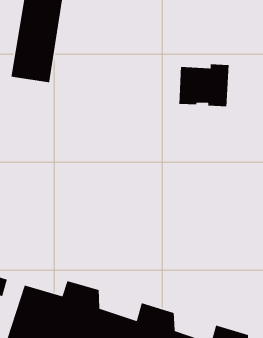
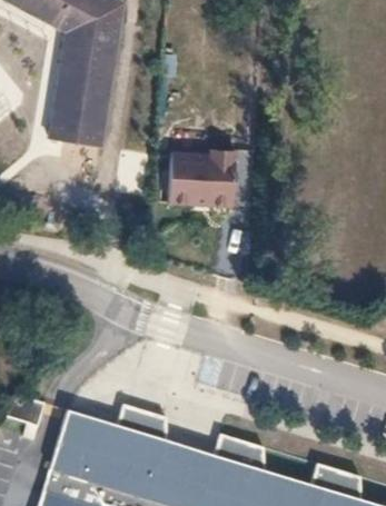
building: [178,64,230,107] -> [169,150,236,207]

